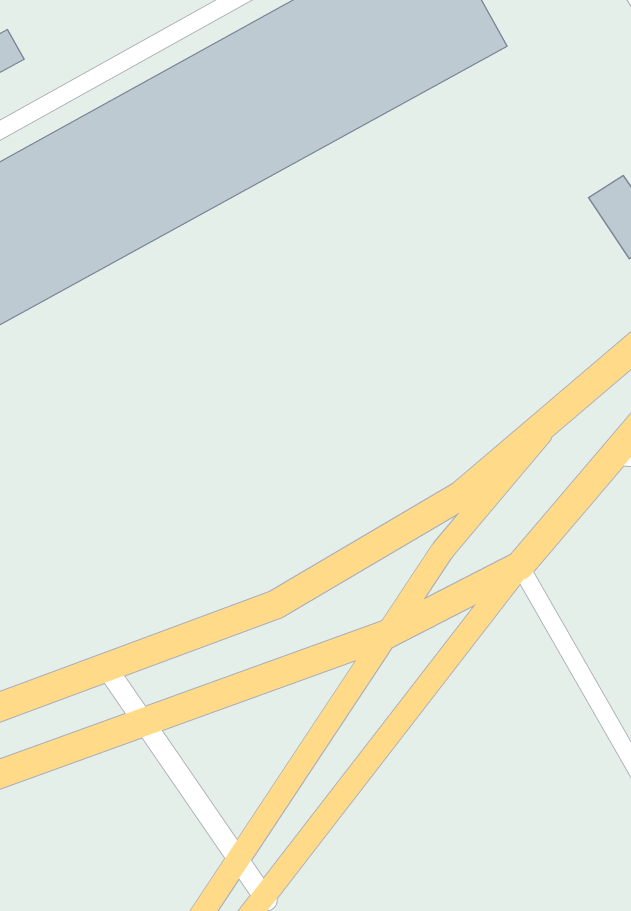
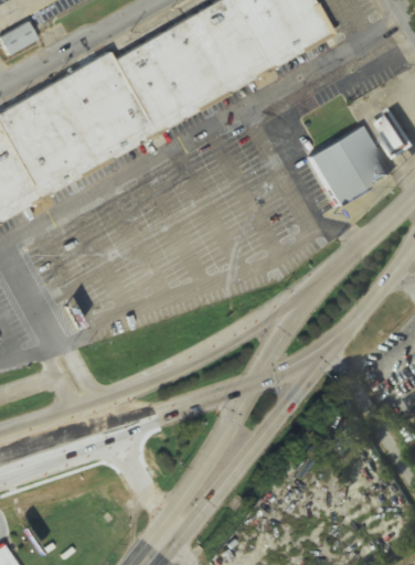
building: none -> [307,130,387,209]

